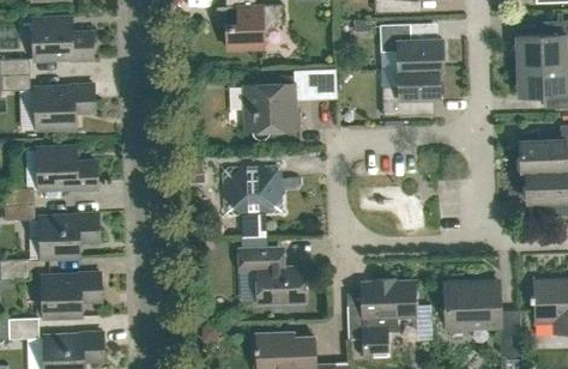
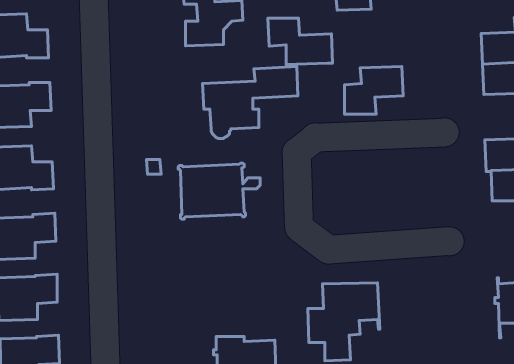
building: [380,24,443,69] -> [268,18,333,65]
building: [238,247,306,303] -> none
building: [445,279,520,355] -> none

